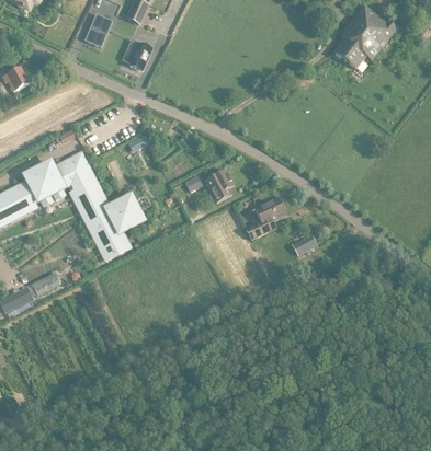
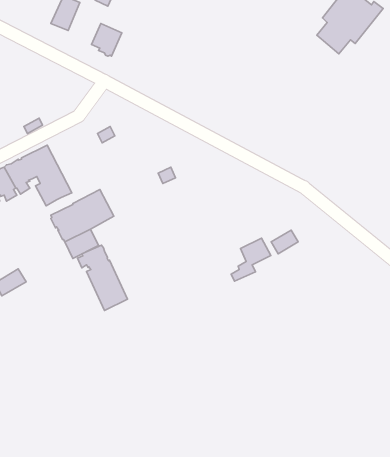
building: [205,169,234,200] -> none
building: [248,197,285,238] -> [231,238,271,281]
building: none -> [77,245,128,311]

